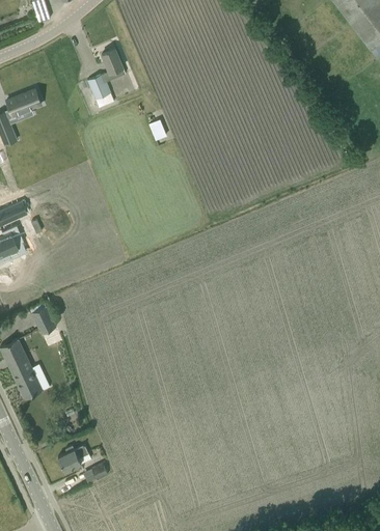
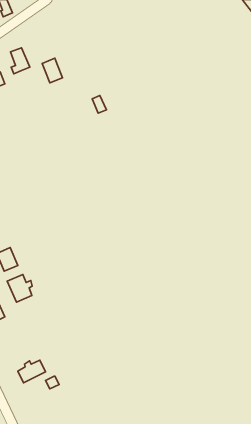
building: [102,49,126,81] -> [10,48,30,74]
building: none -> [7,274,32,302]

